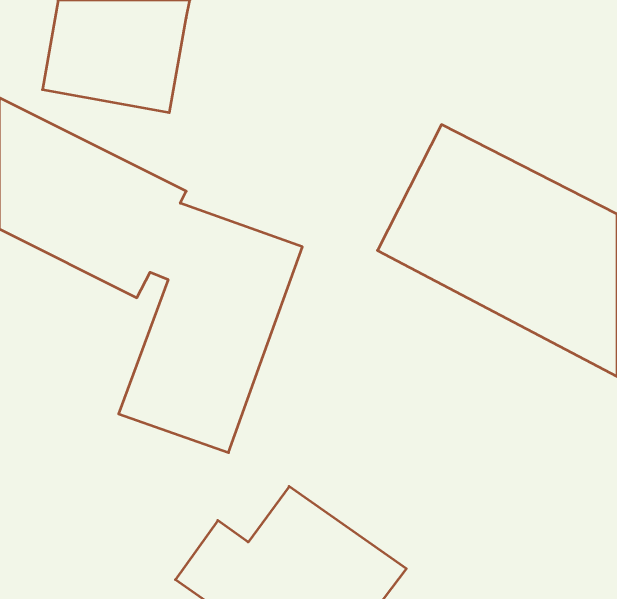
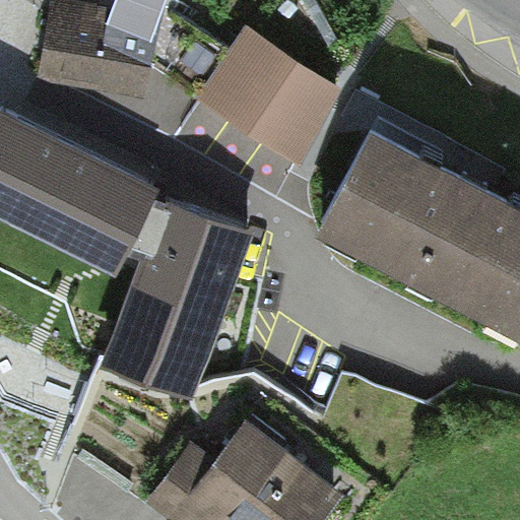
building: none -> [196,28,338,174]

